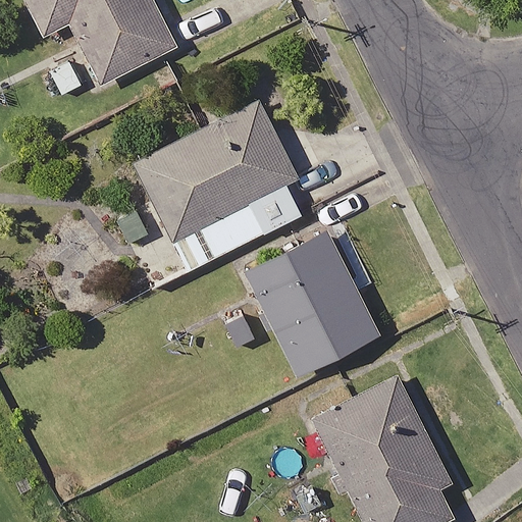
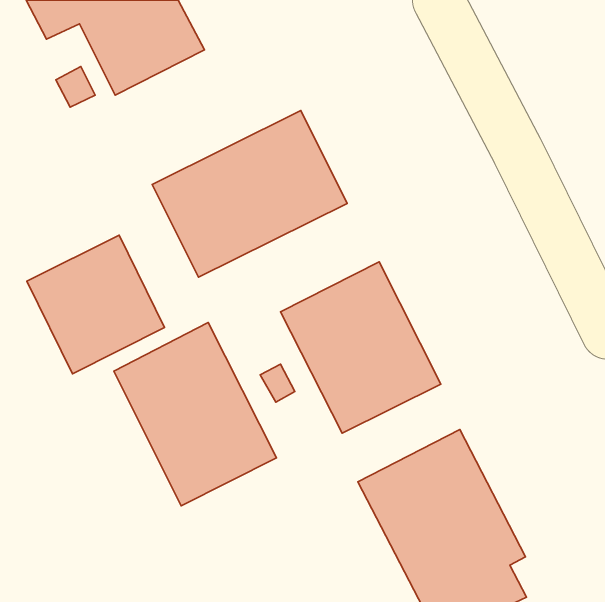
building: none -> [27,235,164,374]
building: none -> [114,322,277,506]

